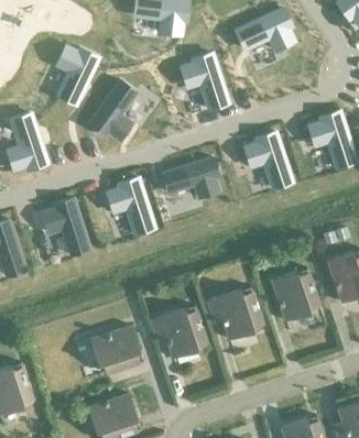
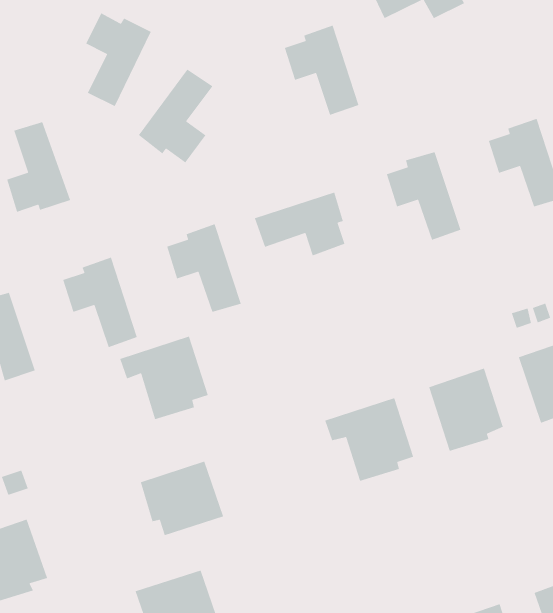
building: [150,305,206,358] -> [119,336,209,420]

